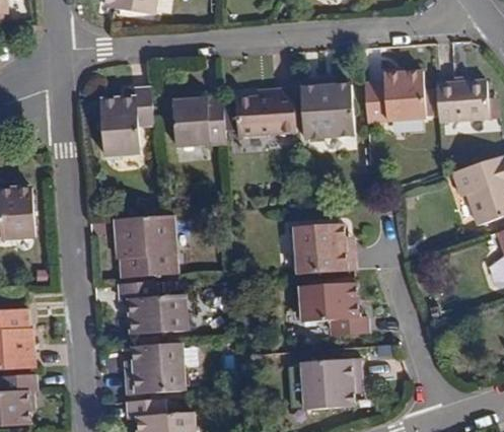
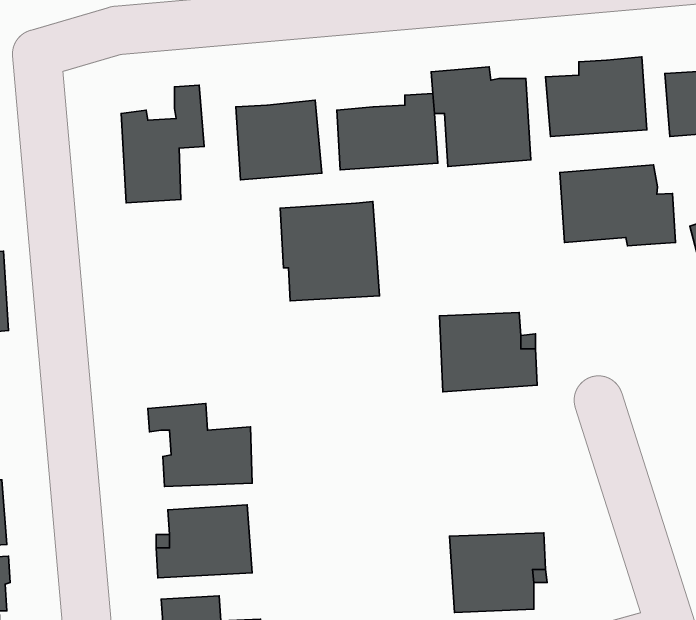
building: none -> [560,165,675,246]
building: [115,215,175,276] -> [280,201,379,301]
building: [305,285,369,336] -> none

